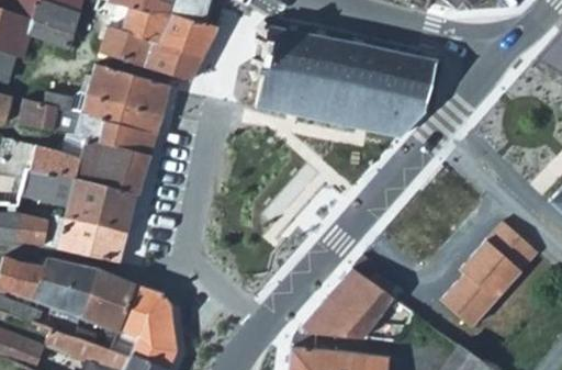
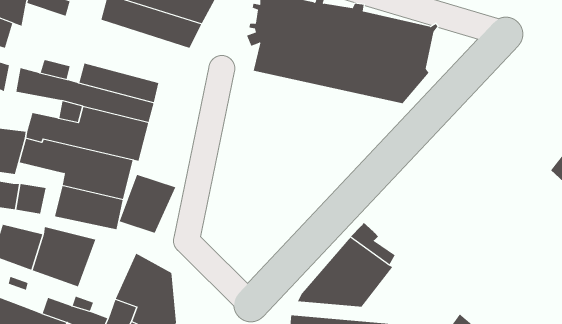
building: [86,65,168,115] -> none
building: [442,220,540,326] -> none
building: [80,271,137,330] -> [119,174,176,234]

